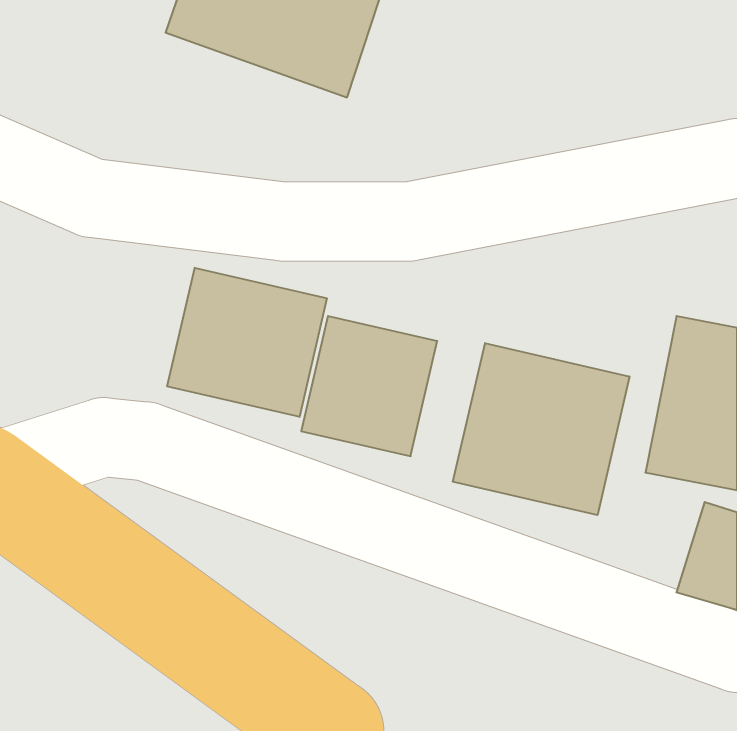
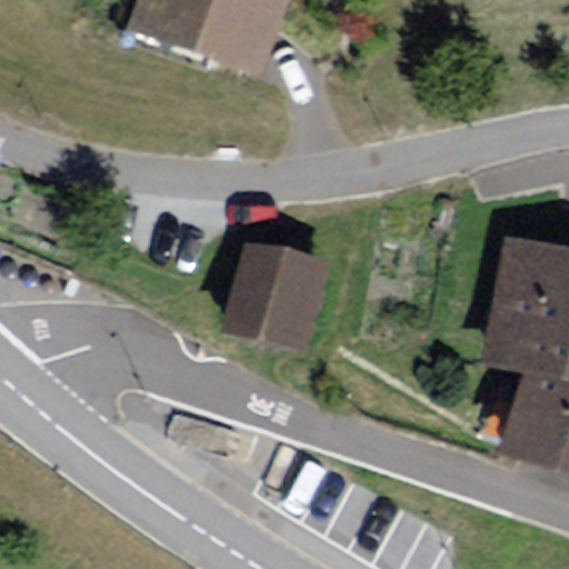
building: [167,268,327,417] -> none
building: [453,343,629,515] -> none

